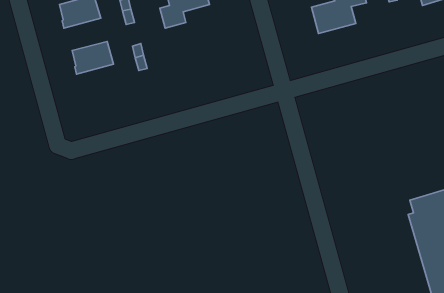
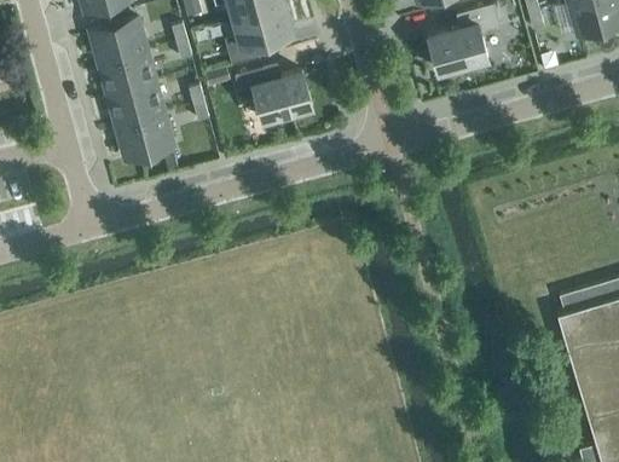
building: none -> [98,53,156,97]
building: none -> [236,69,314,122]
building: none -> [115,115,173,160]

